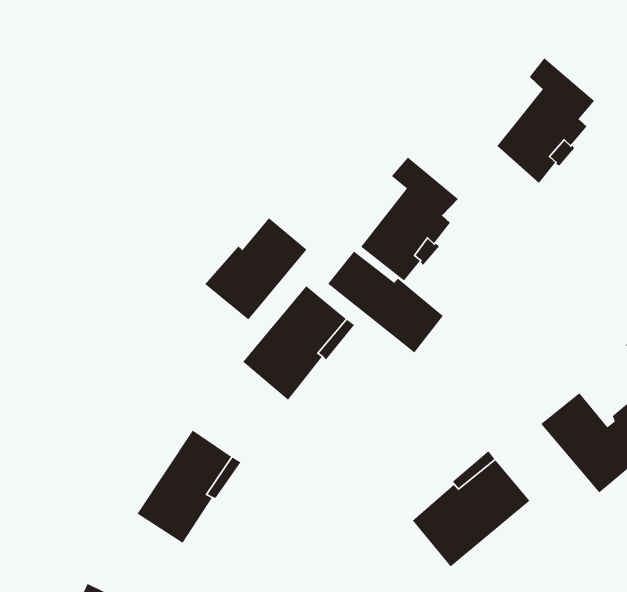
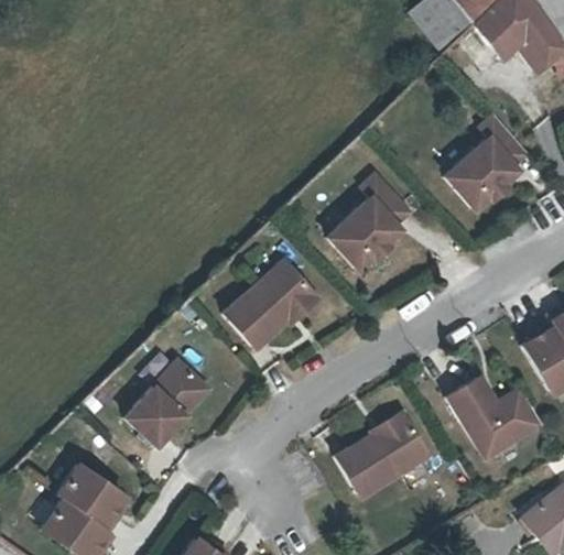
building: [204,217,307,321] -> none
building: [327,250,444,353] -> none

